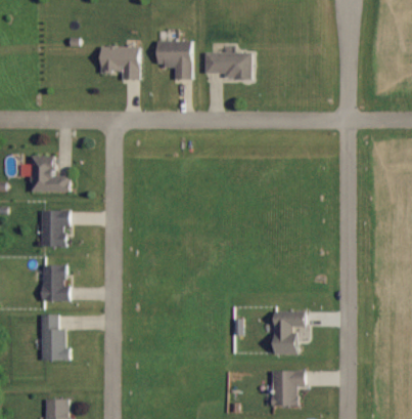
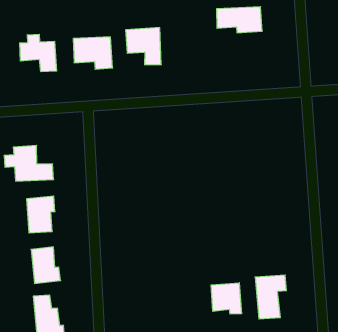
building: none -> [20,34,57,72]
building: [203,53,250,80] -> [217,7,262,33]
building: none -> [211,283,241,314]

